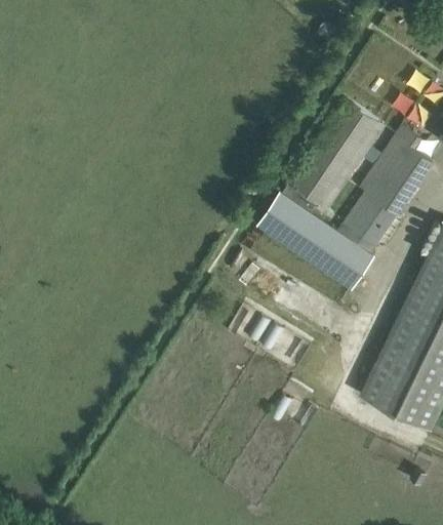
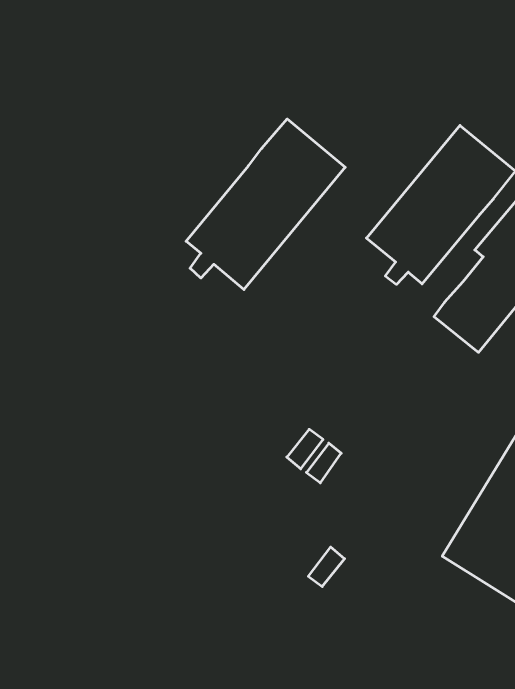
building: none -> [186,119,345,290]
building: [257,192,375,290] -> none

